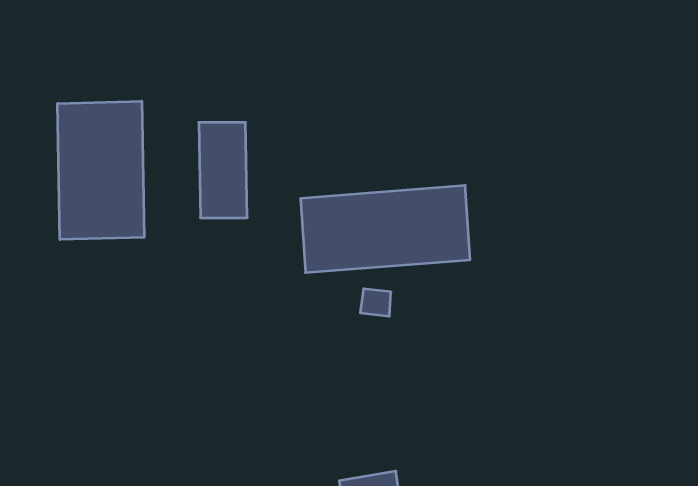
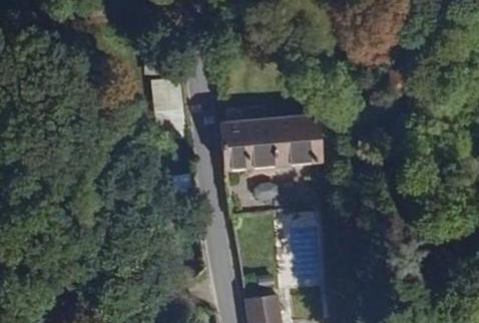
building: [58,101,144,240] -> none

